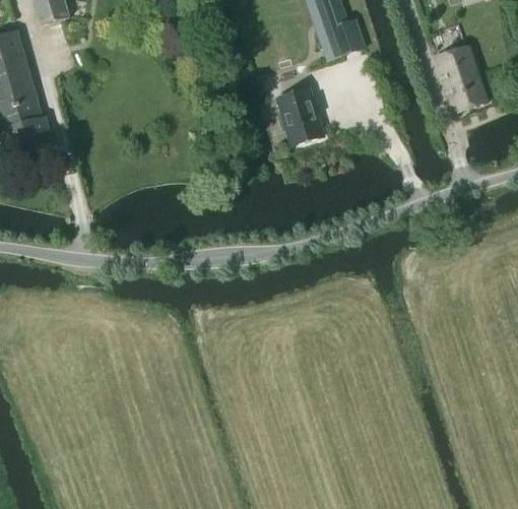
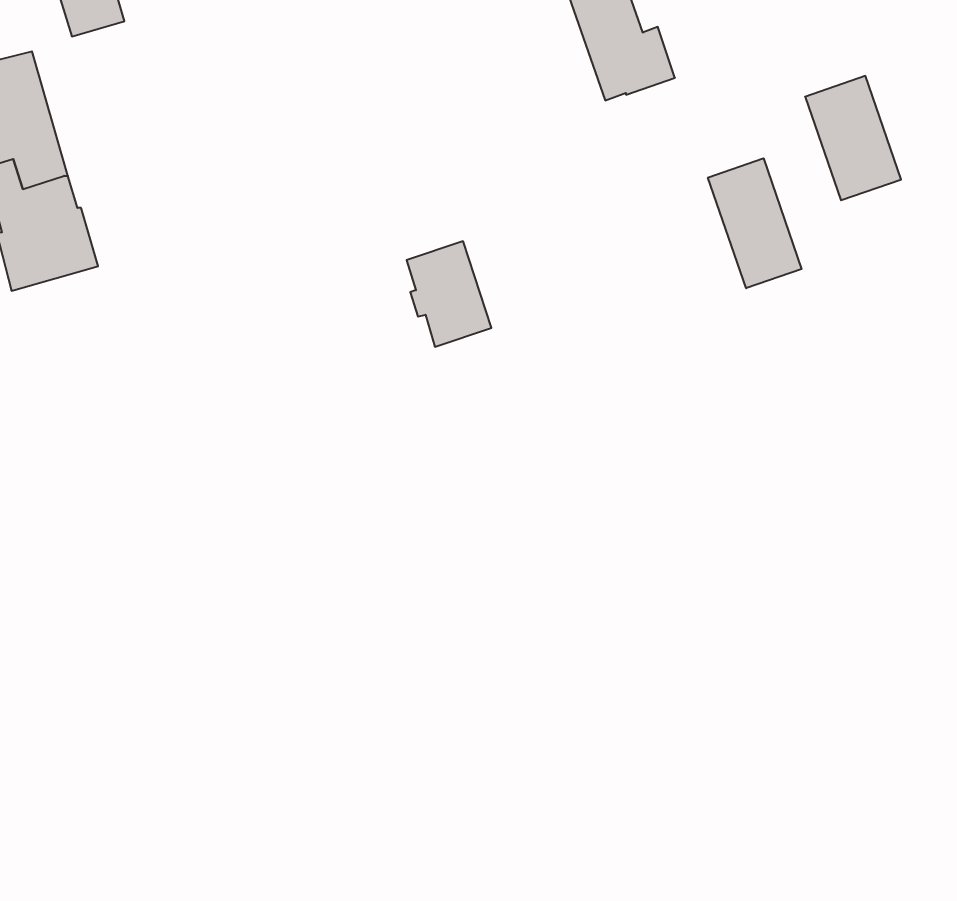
building: [277,87,323,144] -> [407,241,491,347]
building: none -> [708,158,802,288]

